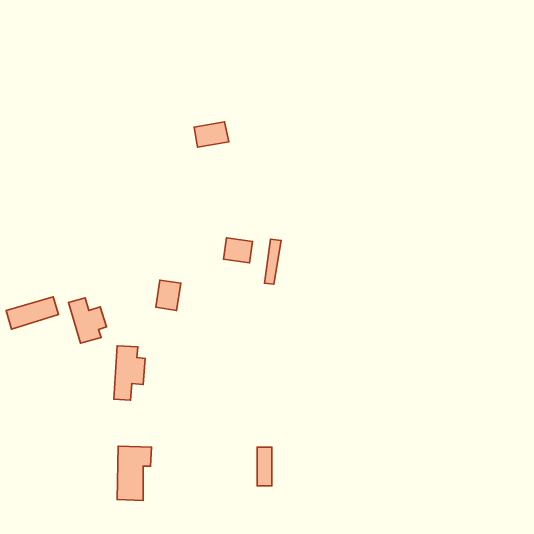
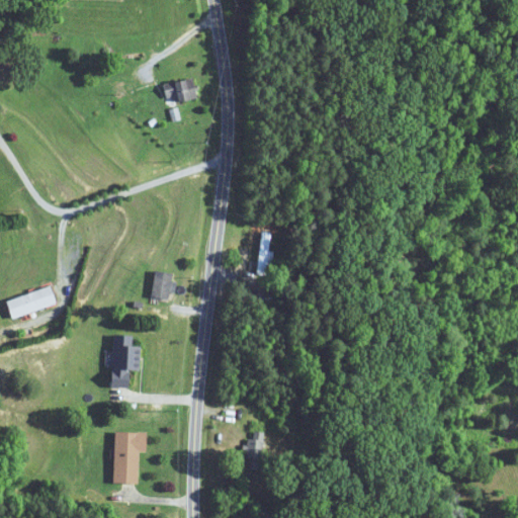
building: [194,122,229,147] -> [163,79,196,103]
building: [224,238,253,263] -> none
building: [69,298,107,343] -> none

